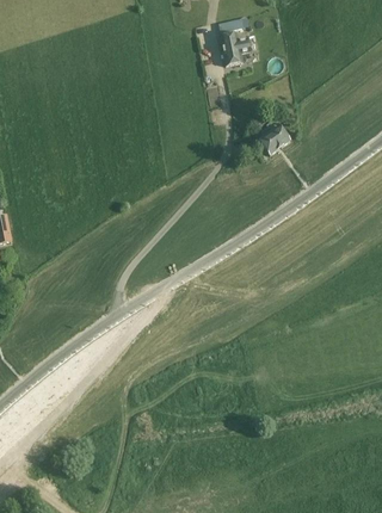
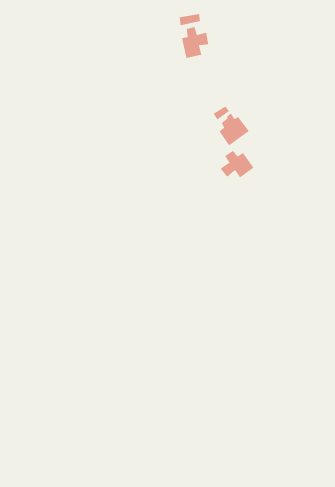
building: none -> [220,150,255,179]

